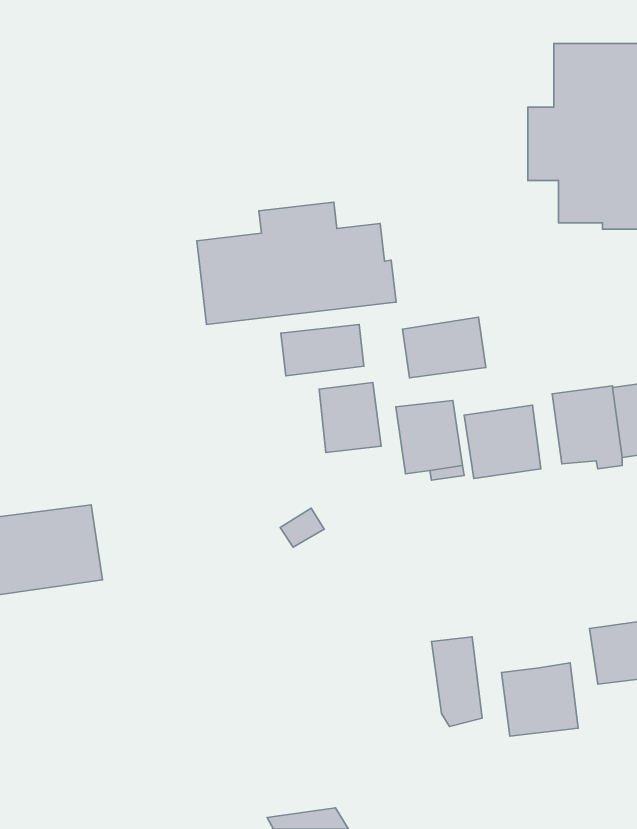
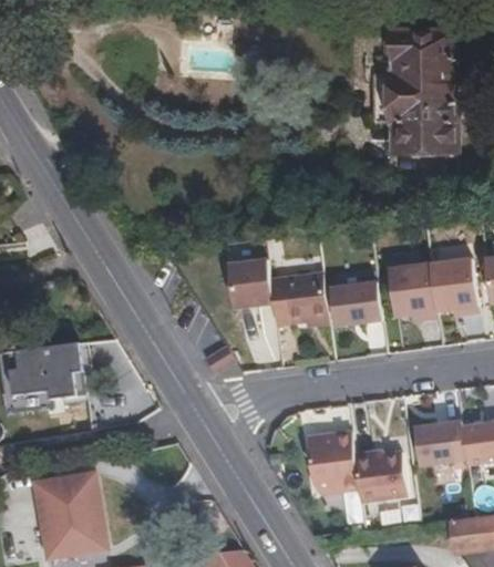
building: [197,202,396,324] -> none
building: [403,317,486,378] -> none
building: [281,324,364,376] -> none
building: none -> [35,472,106,558]

